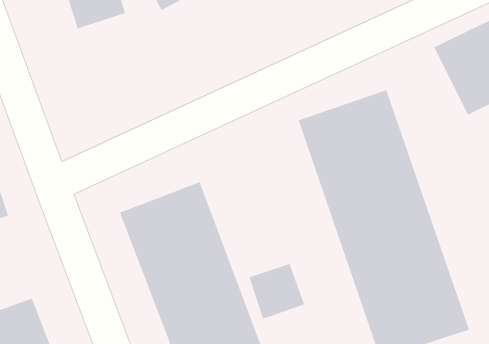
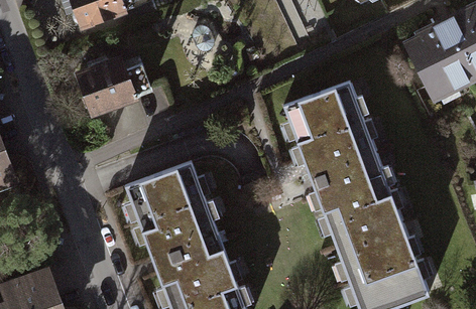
building: none -> [79,58,141,118]
building: [249,263,305,319] -> none

